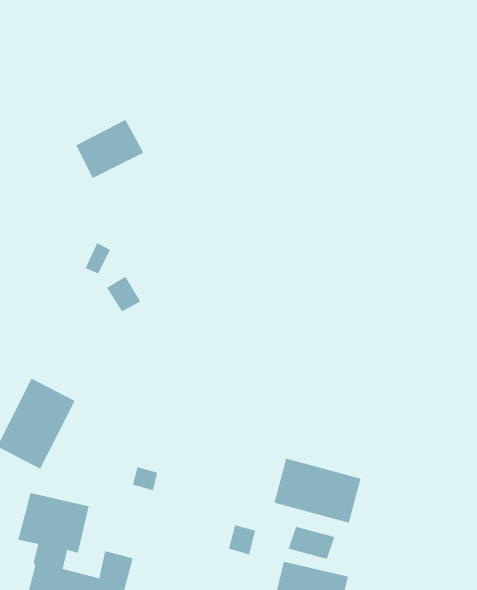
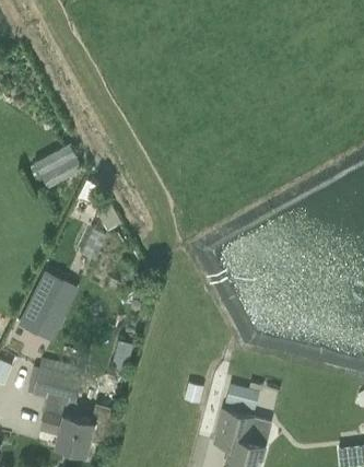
building: [75,119,144,179] -> [34,142,83,185]
building: [274,458,361,523] -> none

